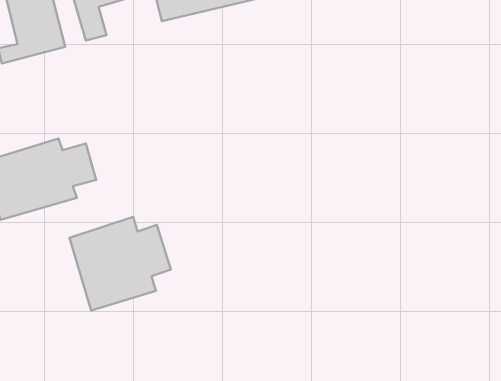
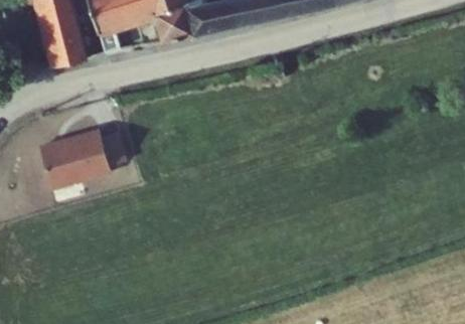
building: [69,217,171,310] -> none

